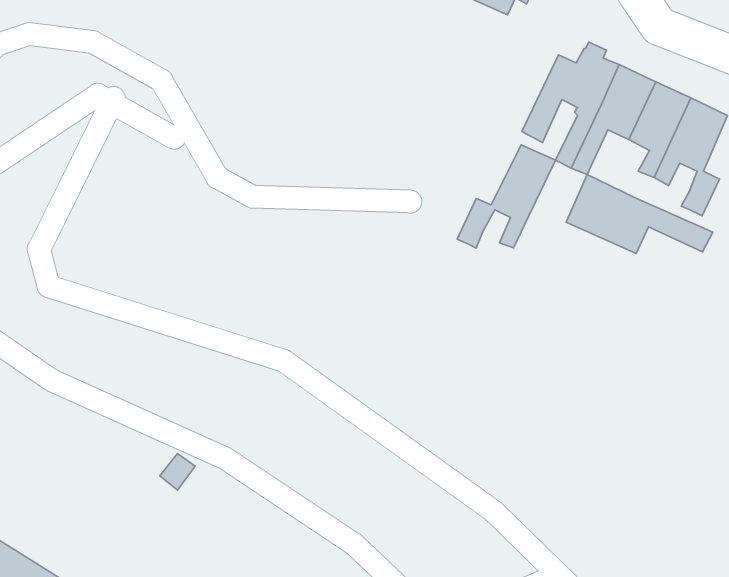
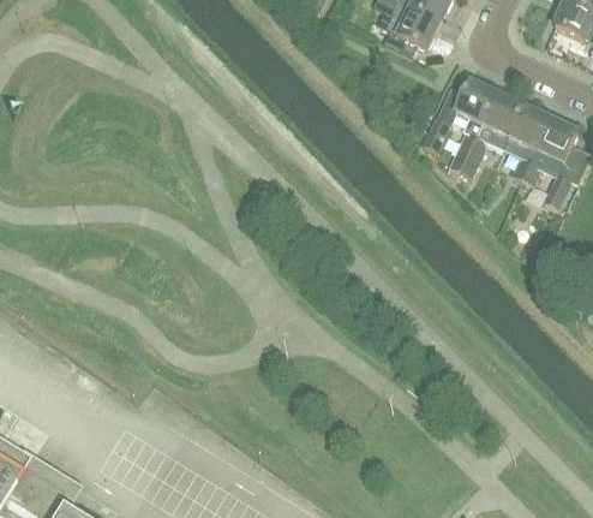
building: [457,145,555,248] -> none
building: [566,174,713,254] -> none

